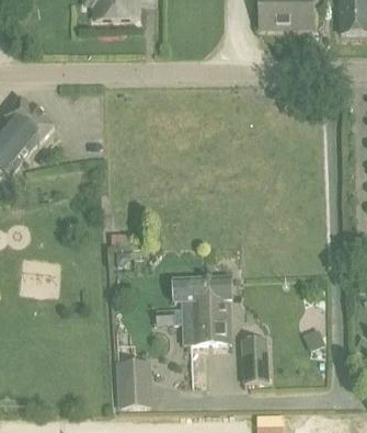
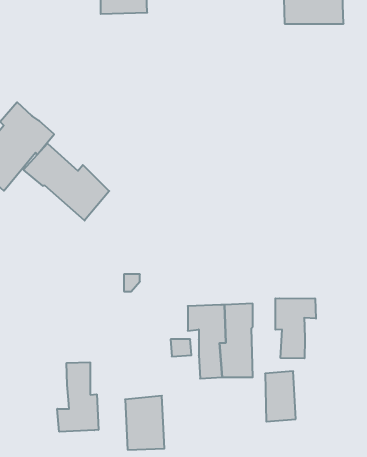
building: none -> [24,143,109,221]
building: none -> [275,298,316,358]
building: none -> [57,362,98,432]

